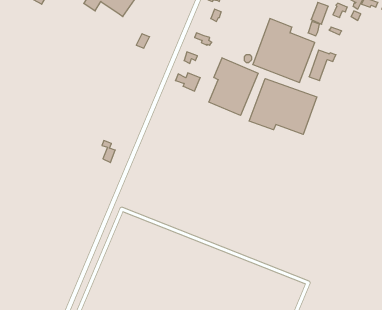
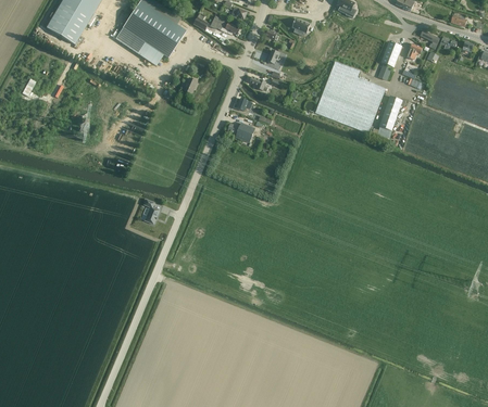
building: [209,58,258,115] -> none
building: [249,79,317,134] -> none

